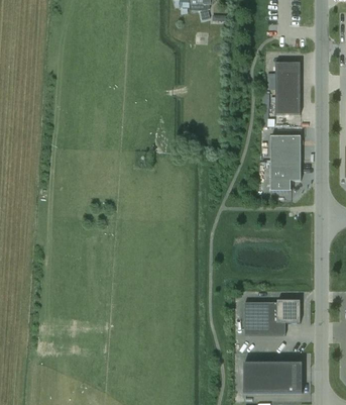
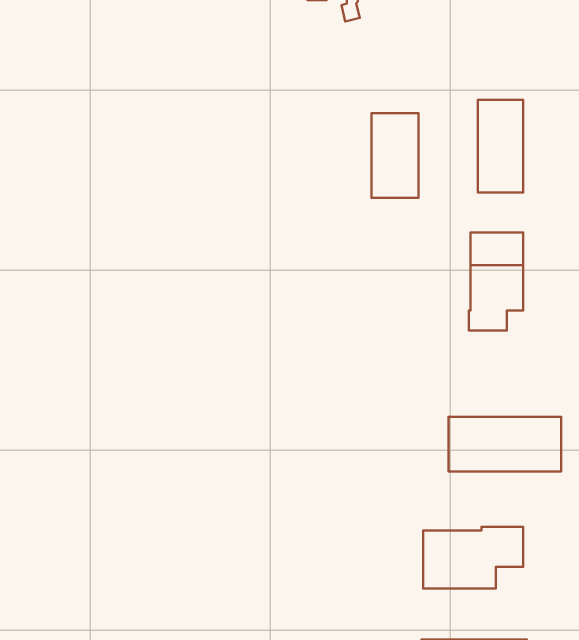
building: none -> [371,113,419,198]
building: none -> [449,417,561,471]

